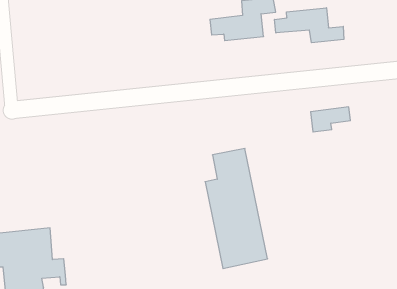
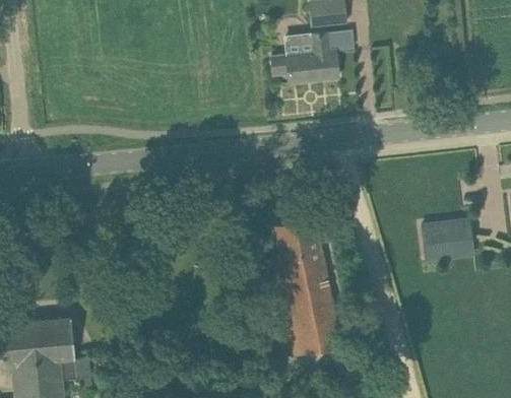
building: [275,8,344,43] -> none
building: [311,107,350,132] -> [422,220,471,252]

